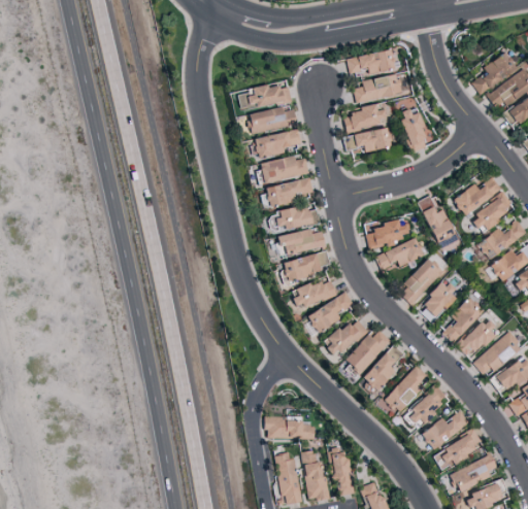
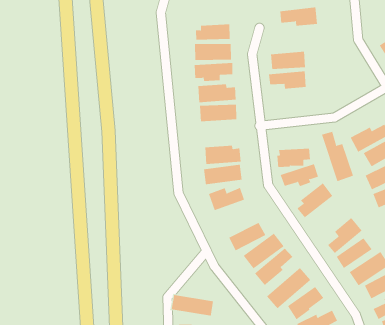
building: [354,73,403,102] -> none
building: [399,107,429,151] -> none
building: [274,204,319,231] -> none
building: [418,279,459,321] -> none
building: [306,293,354,332] -> none

